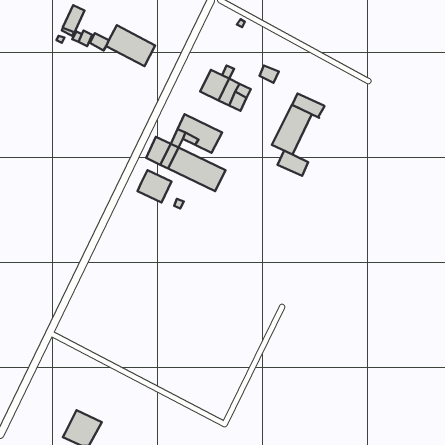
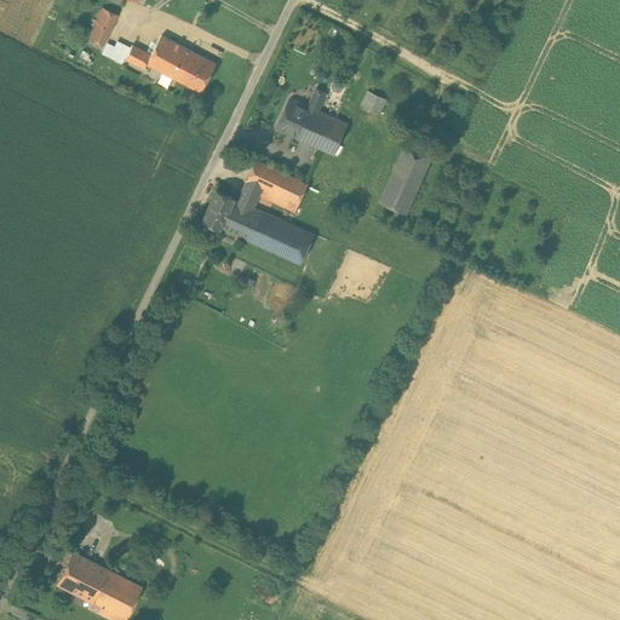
building: [292,93,324,118] -> none
building: [277,151,308,176] -> none
building: [138,170,172,202] -> none
building: none -> [56,552,107,602]

